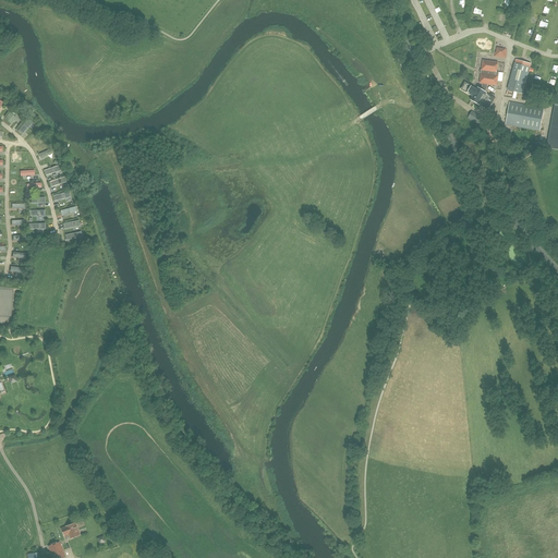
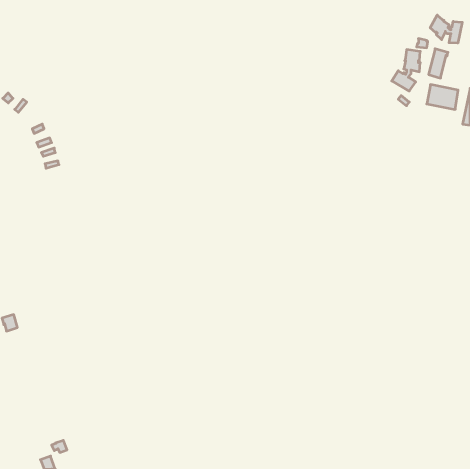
building: none -> [430,15,462,43]

